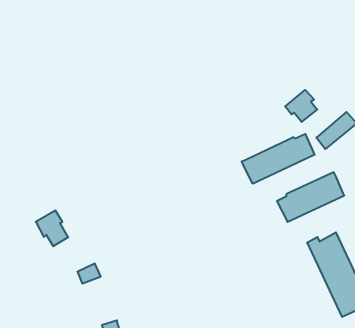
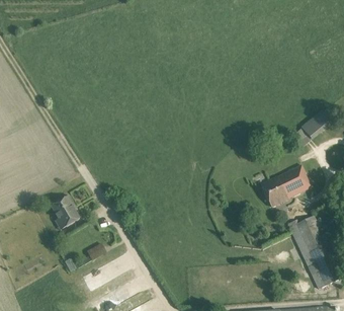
building: [285,90,317,122] -> none
building: [242,134,314,184] -> none

